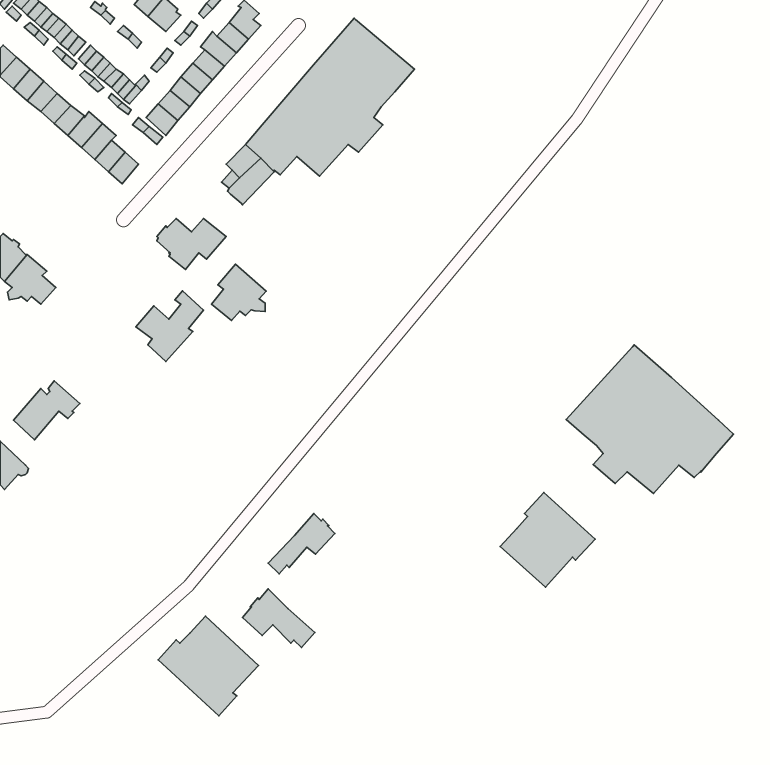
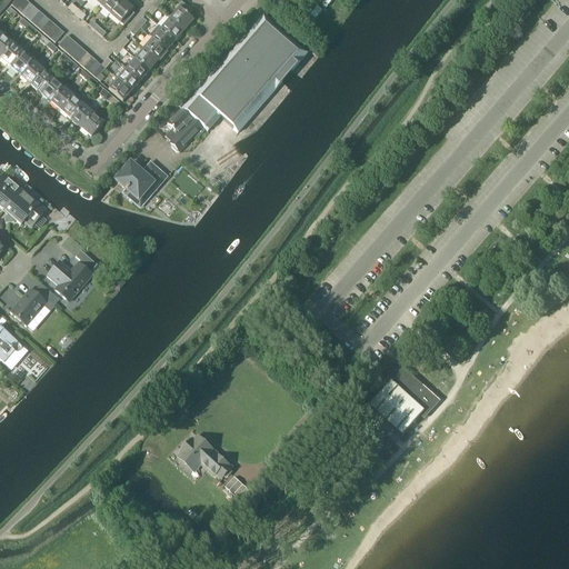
building: [211,264,266,320] -> none
building: [136,291,203,361] -> [46,248,96,300]
building: [566,345,734,494] -> none
building: [268,513,335,574] -> none
building: [158,616,259,716] -> none

